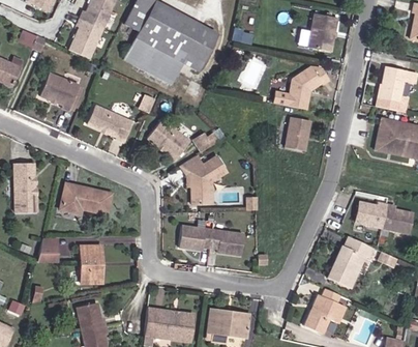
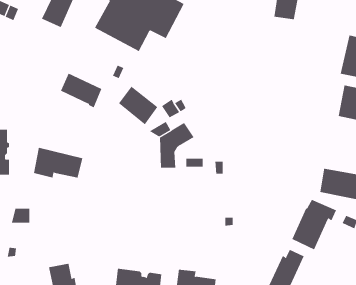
building: [273,65,330,109] -> none
building: [40,73,80,110] -> none
building: [285,116,309,150] -> none
building: [180,225,243,254] -> none
building: [80,244,101,282] -> none

